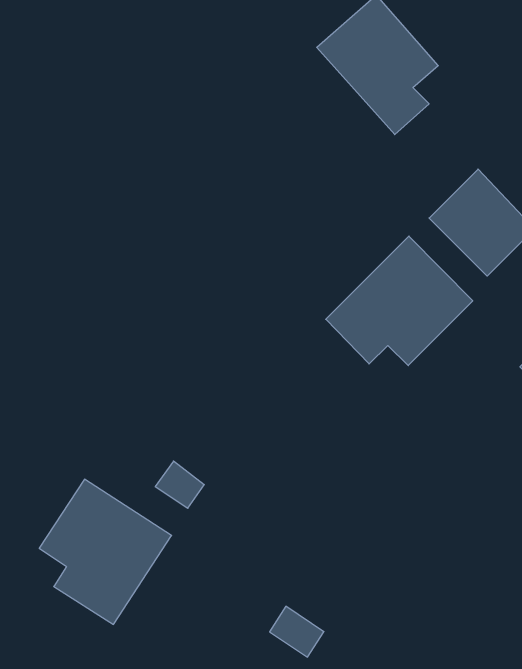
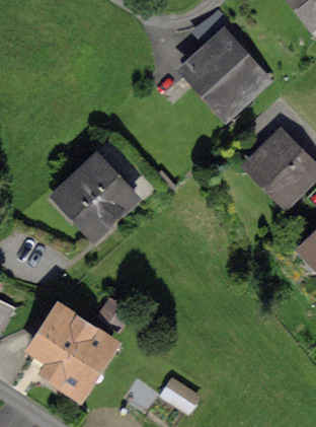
building: none -> [57,159,130,232]
building: [326,236,473,366] -> none

